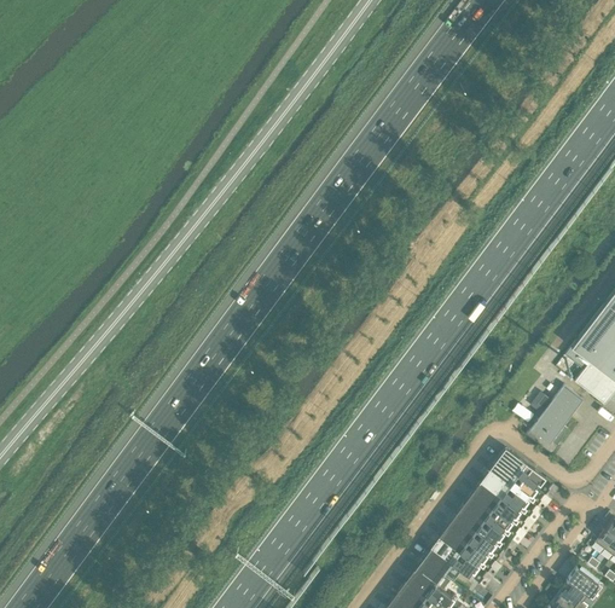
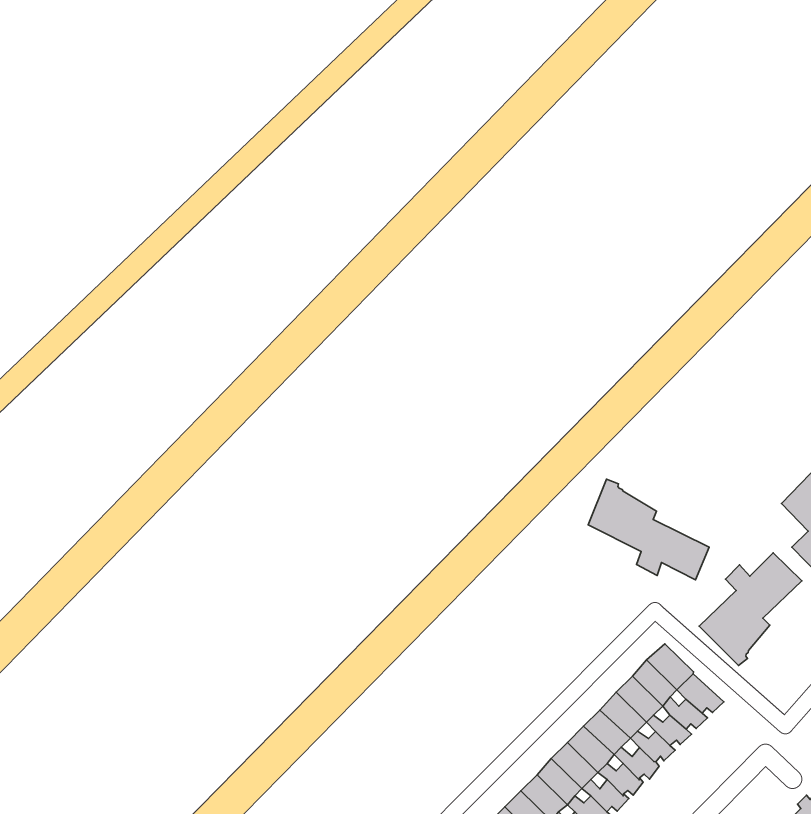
building: none -> [588,479,709,580]

